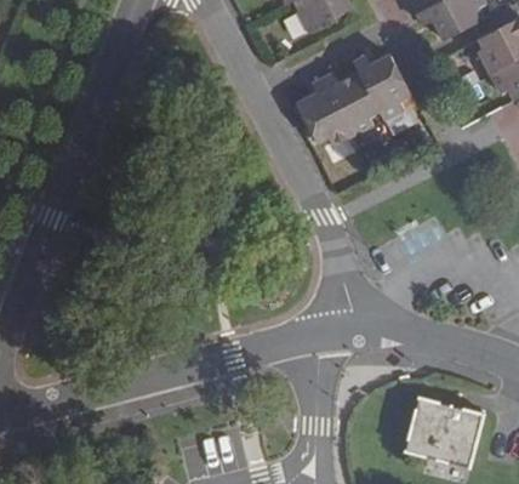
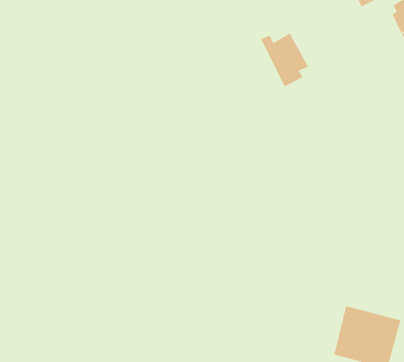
building: [352,56,409,119] -> none
building: [295,79,349,146] -> none

